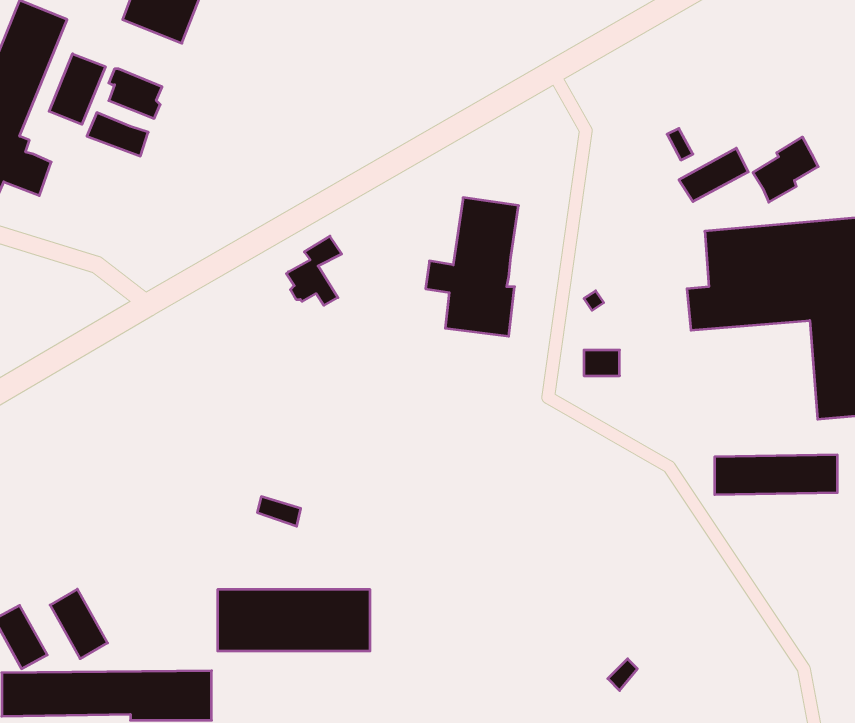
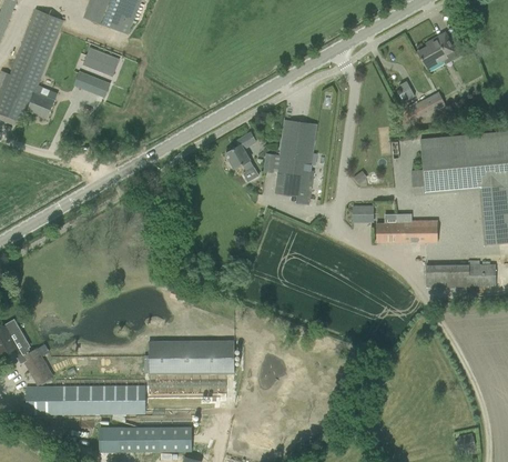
building: [49,54,105,124] -> none
building: [753,137,818,202] -> [417,31,454,68]
building: [286,236,342,305] -> [225,131,256,170]
building: none -> [376,213,437,241]
building: [50,589,108,659] -> none

